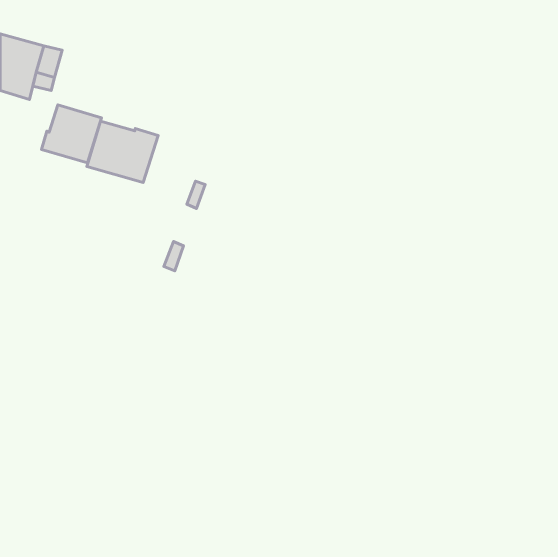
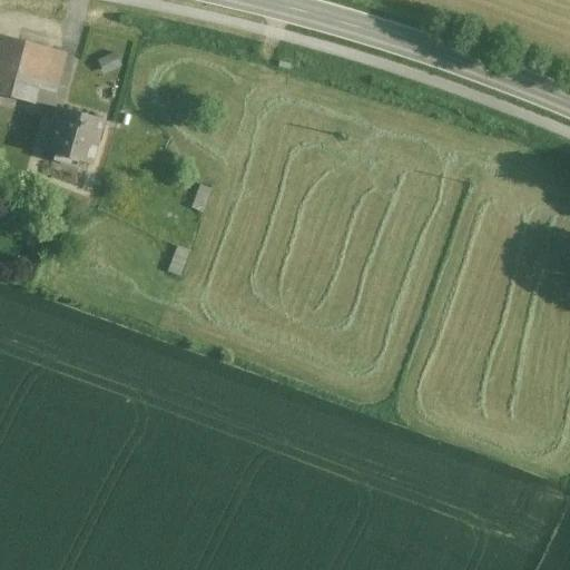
building: [87,121,158,183] -> none

